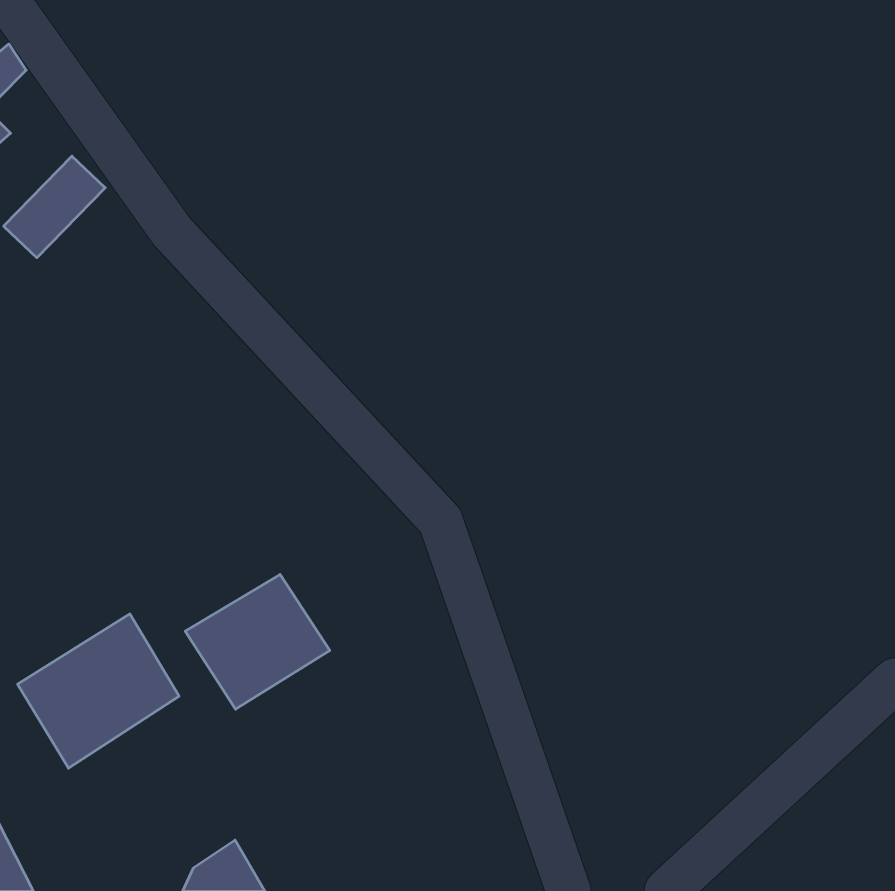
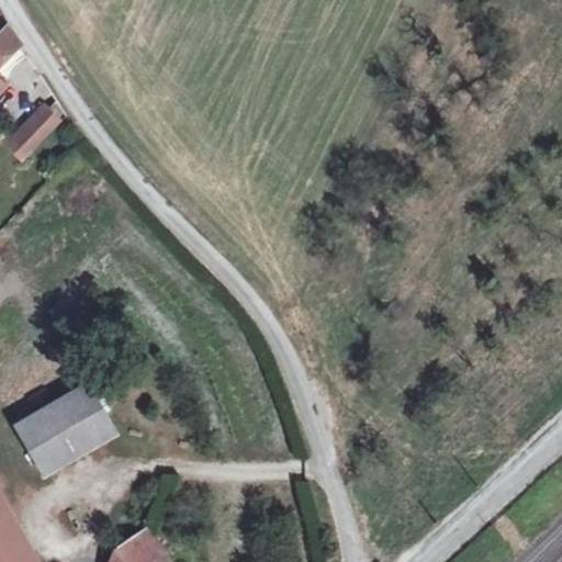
building: [185,574,330,709] -> none

